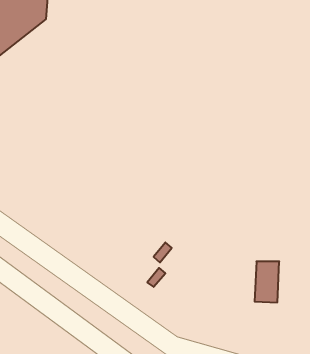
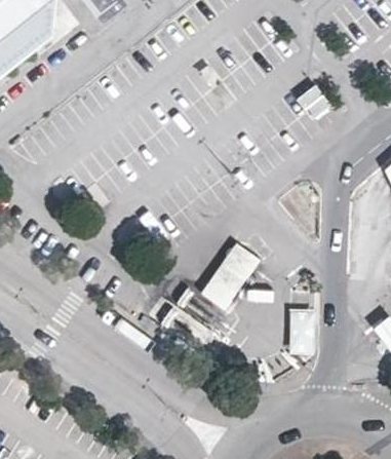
building: none -> [201,240,261,309]

